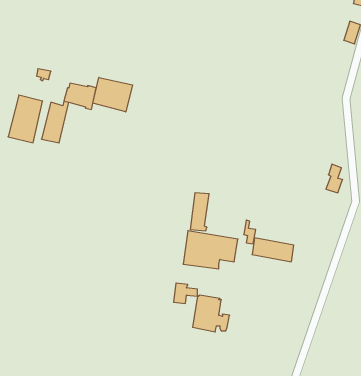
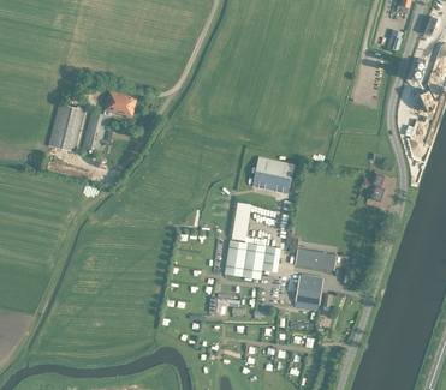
building: [93,77,133,112] -> none
building: none -> [252,156,295,193]
building: [193,295,230,332] -> [295,274,332,311]

